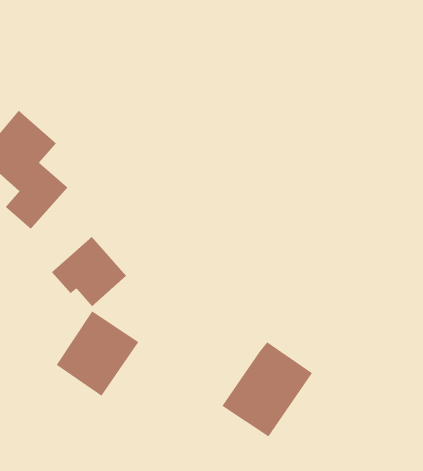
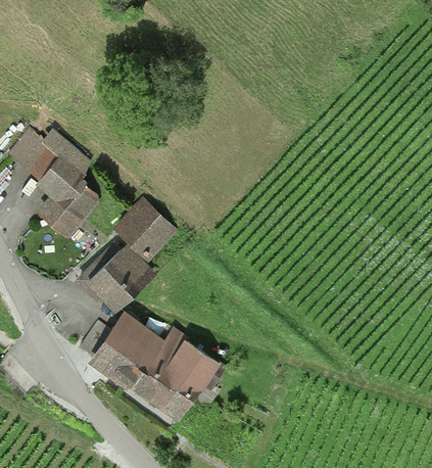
building: none -> [122,202,176,256]
building: [222,341,313,437] -> [130,331,212,418]

